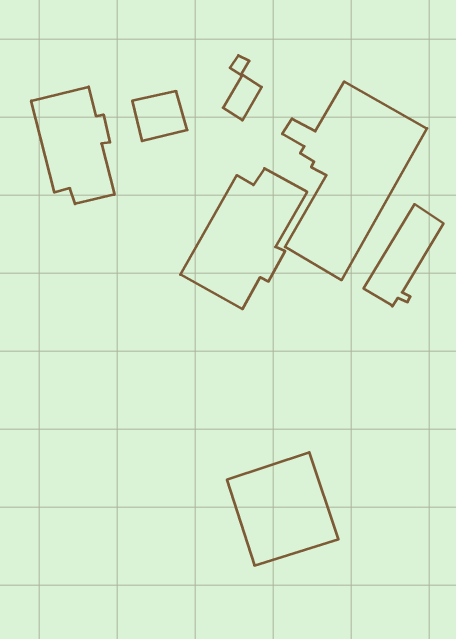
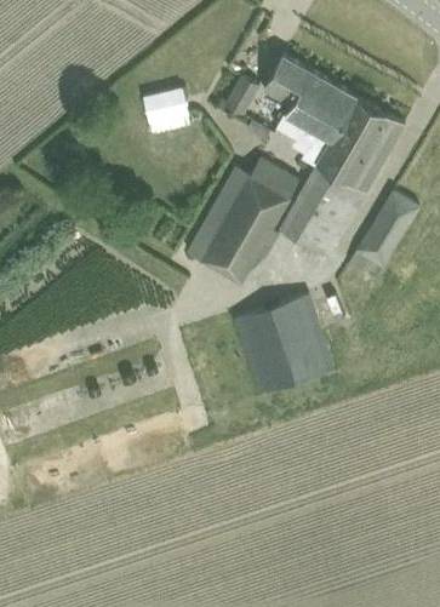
building: none -> [263,56,331,126]
building: [31,87,114,204] -> none
building: [227,452,338,565] -> [235,294,333,394]

